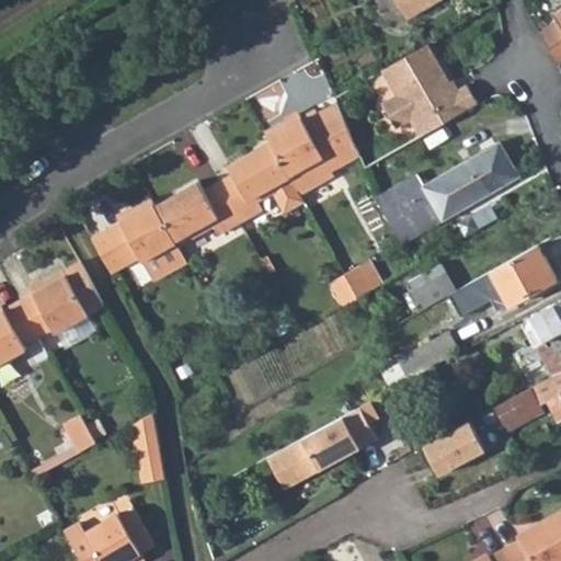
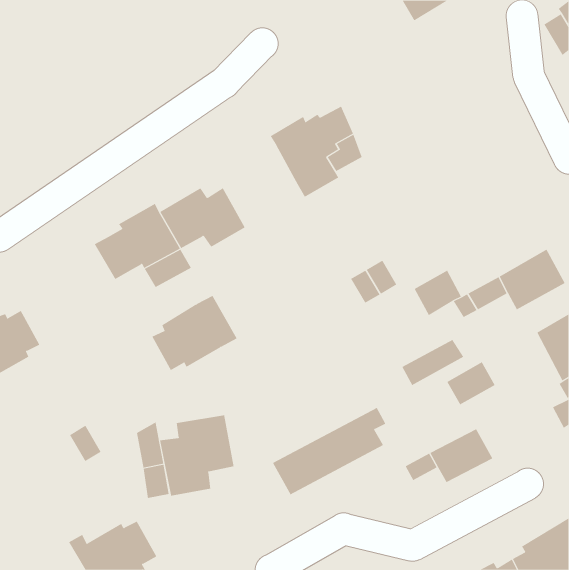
building: [382,45,477,137] -> none
building: [219,142,305,224] -> none
building: [381,142,516,242] -> none
building: [21,264,105,339] -> [152,295,238,371]
building: [492,388,540,431] -> [446,362,495,405]
building: none -> [160,414,234,496]

